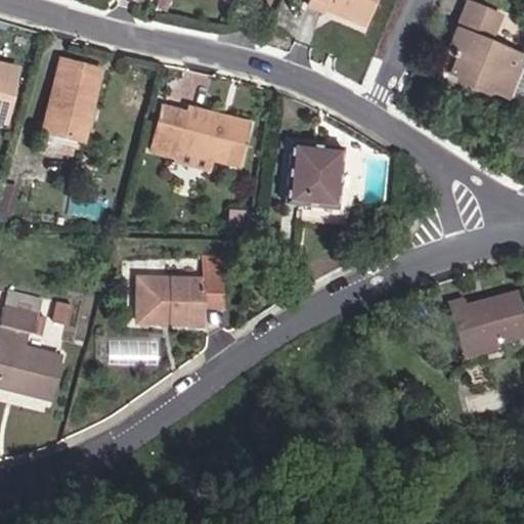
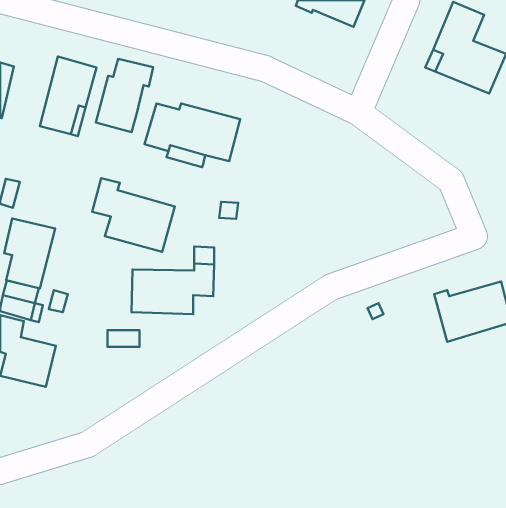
building: none -> [96,59,153,132]
building: [287,143,340,204] -> none
building: none -> [92,178,175,252]
building: none -> [4,219,55,289]

